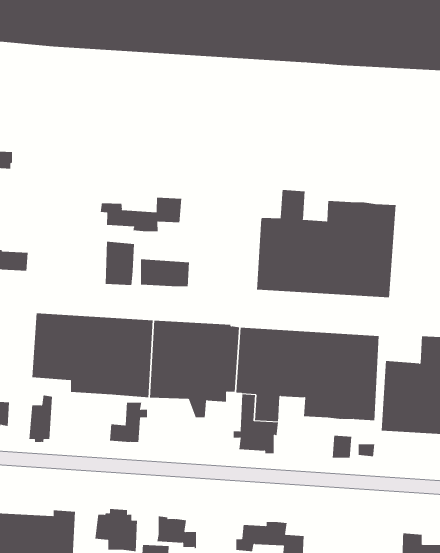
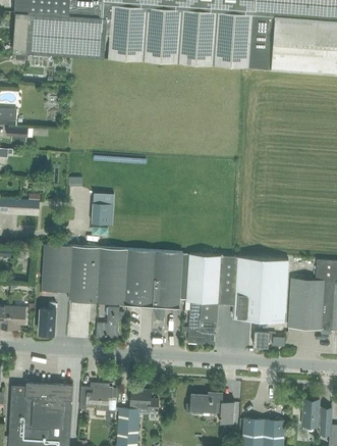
building: [257,189,396,298] -> none
building: [100,197,182,232] -> none
building: [140,258,189,287] -> none

